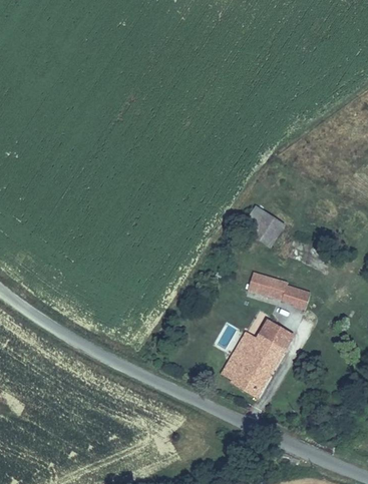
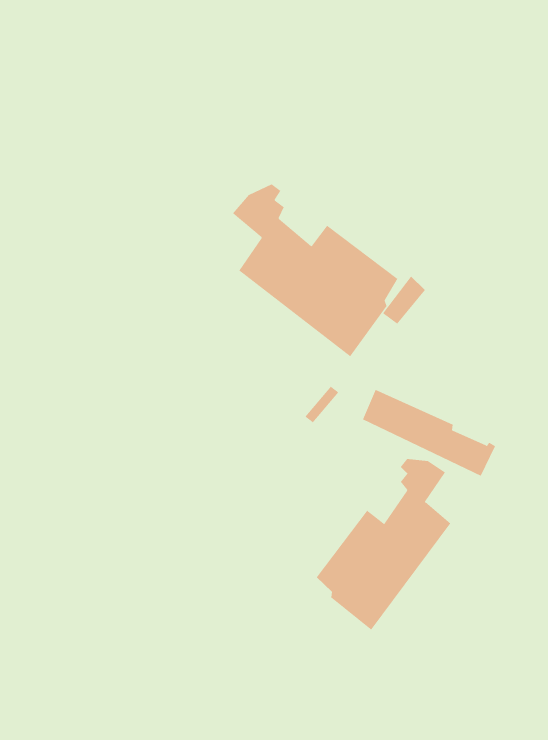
building: none -> [232,183,398,357]
building: [252,212,284,246] -> none

